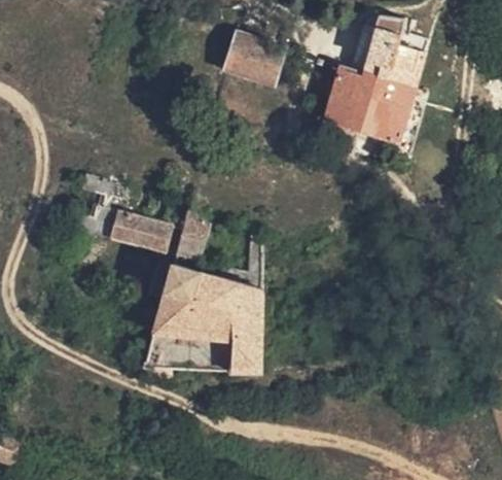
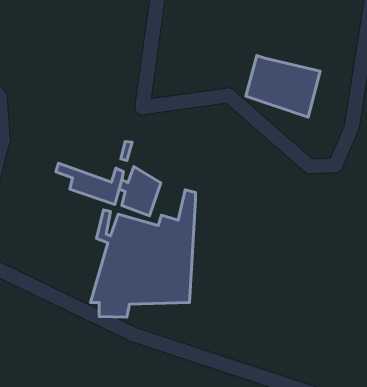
building: [347,18,426,94] -> none
building: [231,40,286,83] -> none

